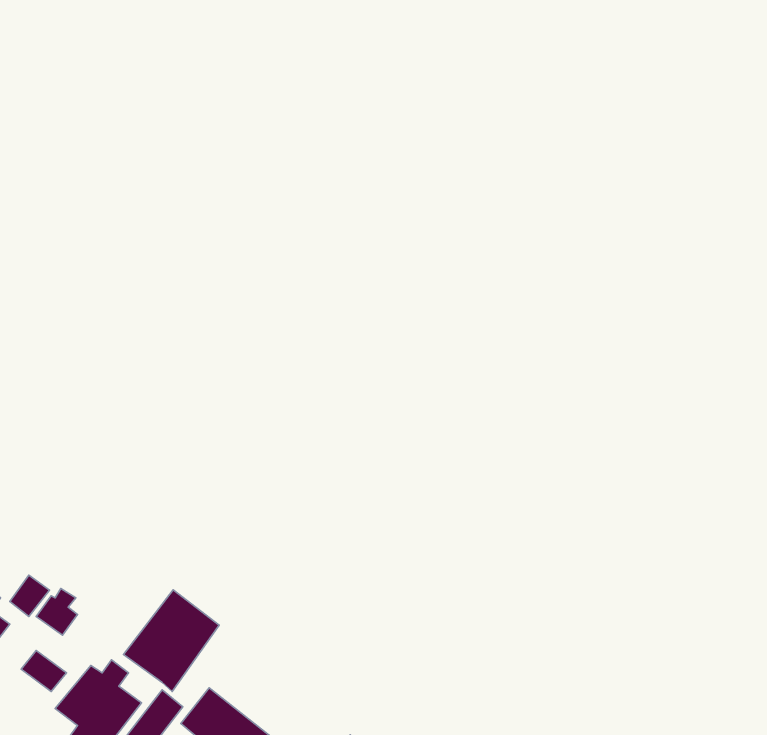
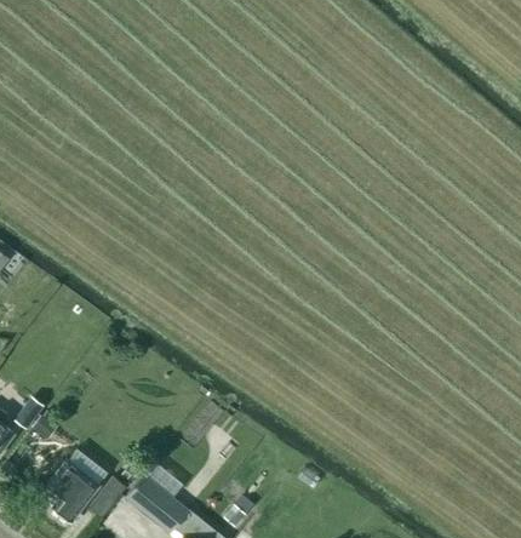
building: [123,590,219,692] -> none

